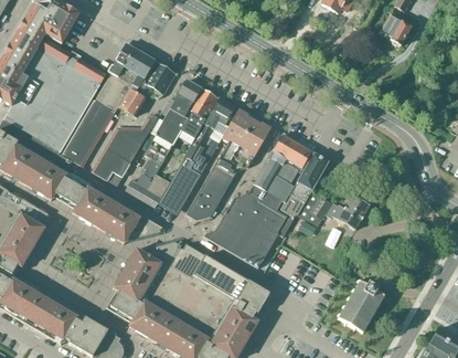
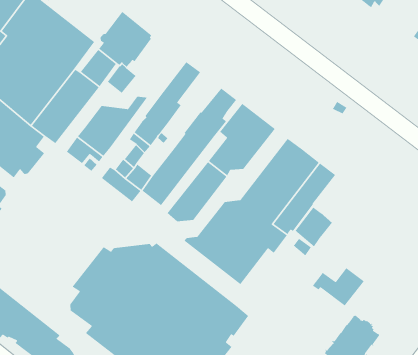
building: [135,62,174,97] -> none
building: [177,87,216,144] -> none
building: [71,180,161,243] -> none
building: [323,194,369,229] -> [312,267,365,307]

